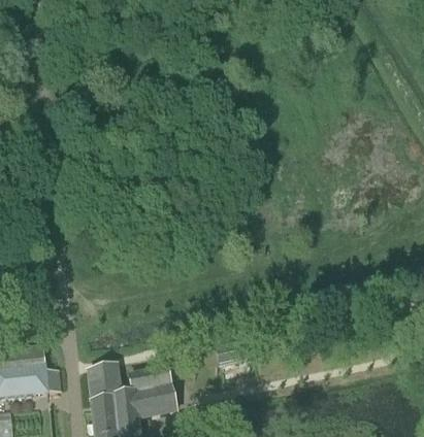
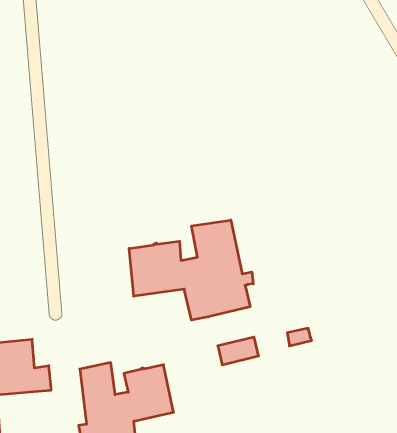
building: none -> [129,220,253,320]

